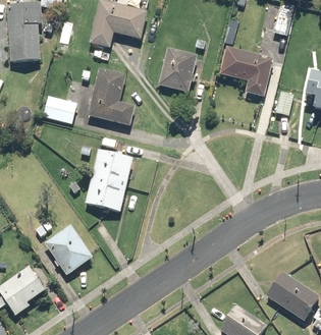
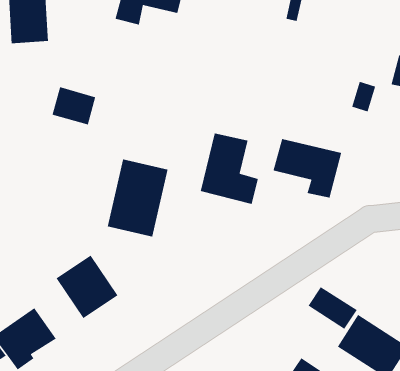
building: [159,48,198,91] -> none
building: [219,48,273,95] -> [272,138,342,199]
building: [88,69,133,125] -> [200,132,259,205]
building: none -> [307,286,358,330]

